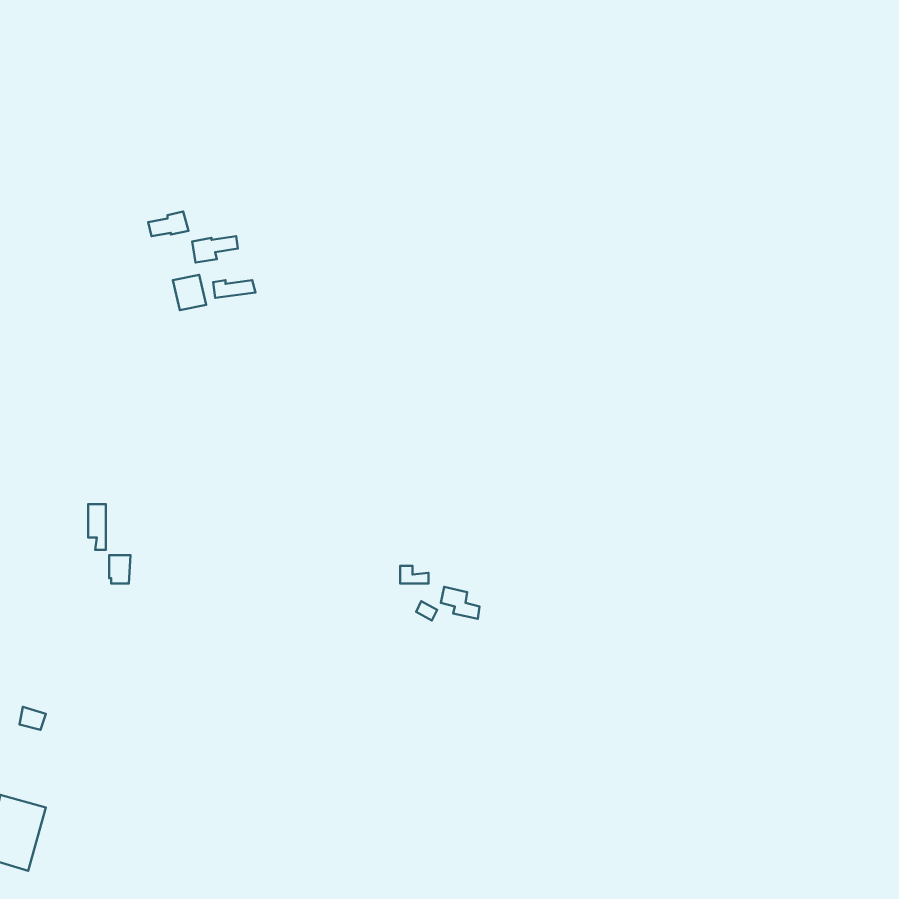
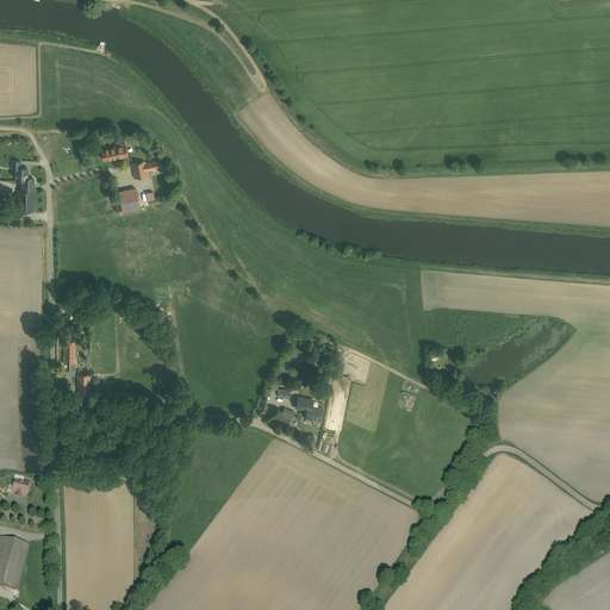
building: none -> [14,178,35,210]

